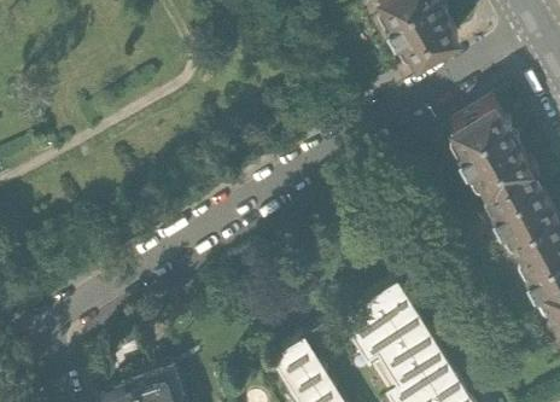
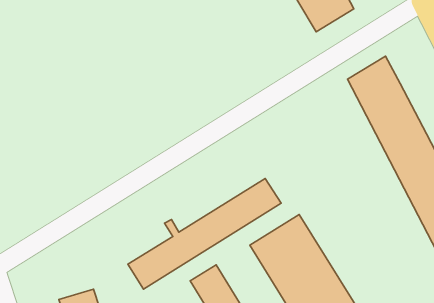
building: none -> [128,178,281,289]

